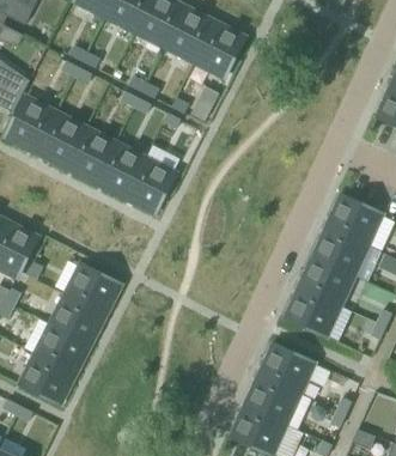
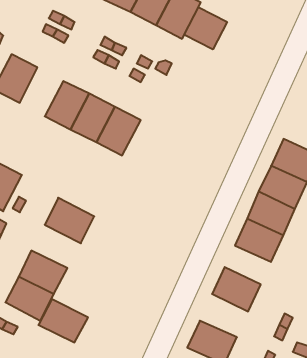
building: none -> [184,7,227,49]
building: [36,111,86,168] -> none
building: [49,293,106,343] -> [38,299,88,342]
building: [244,373,300,424] -> none

